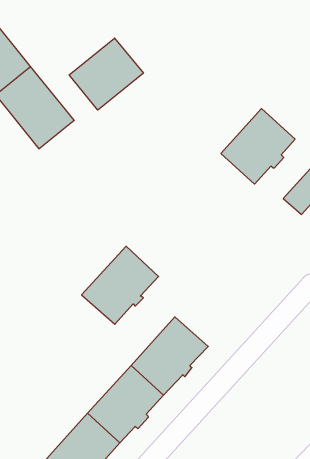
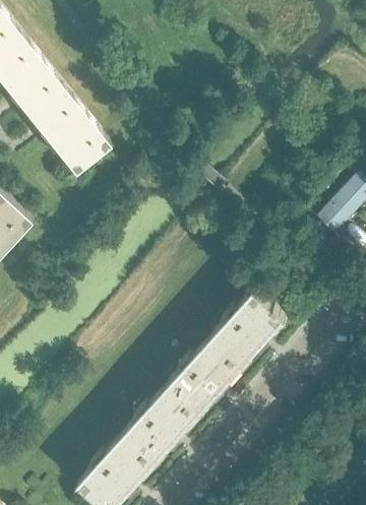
building: [69,38,143,110] -> none
building: [221,109,295,184] -> none
building: [82,246,159,324] -> [208,291,286,369]

